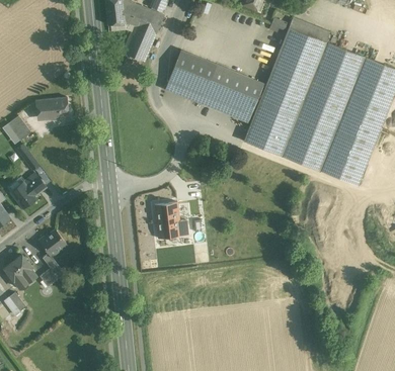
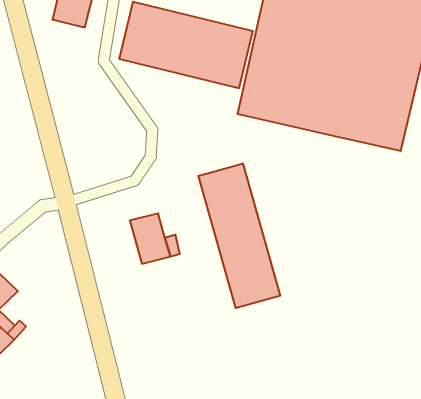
building: none -> [198,163,280,308]

